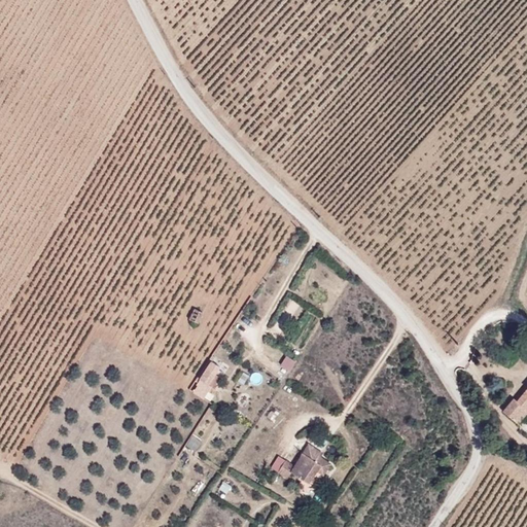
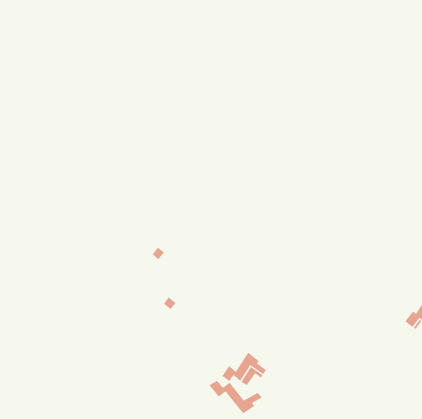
building: none -> [208,380,262,414]

